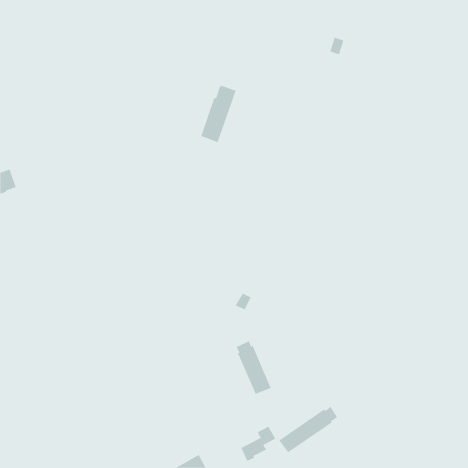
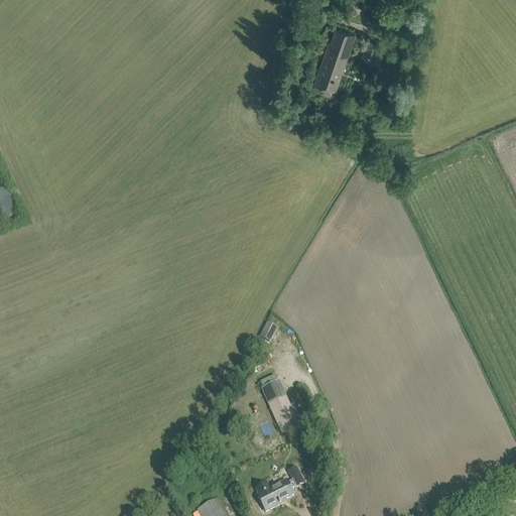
building: [201,85,236,143] -> [314,27,354,91]
building: [279,406,338,453] -> none

